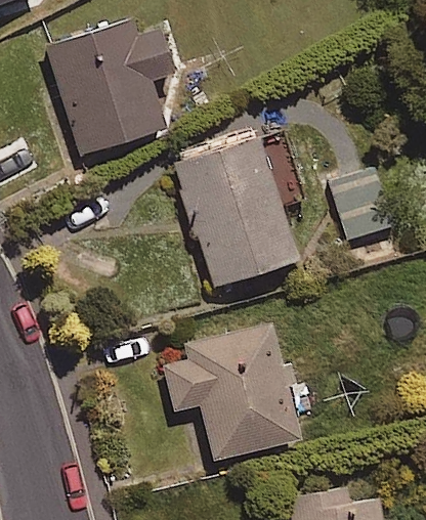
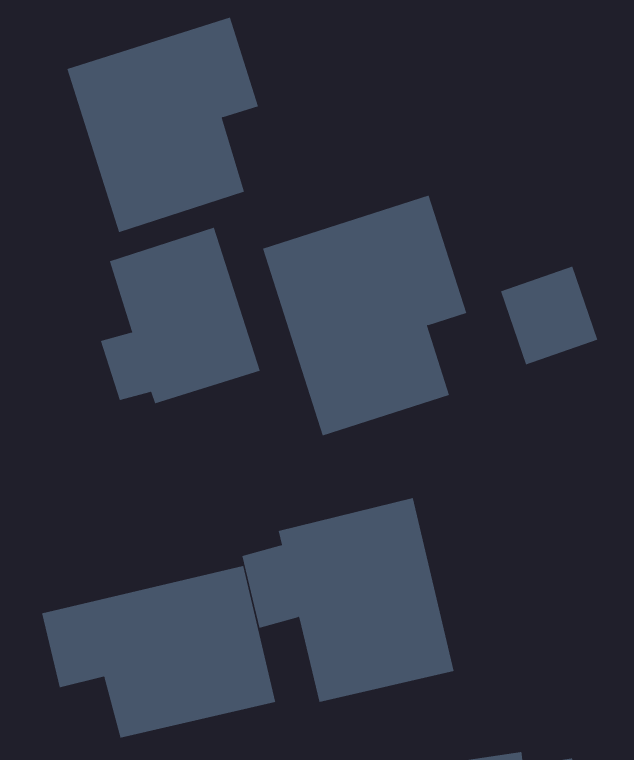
building: none -> [100,227,260,404]
building: none -> [42,565,276,738]

